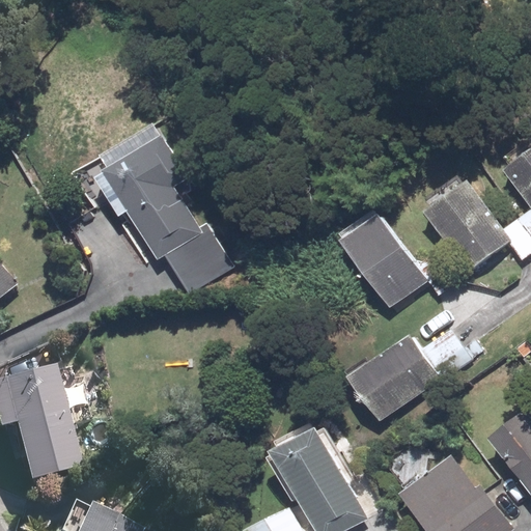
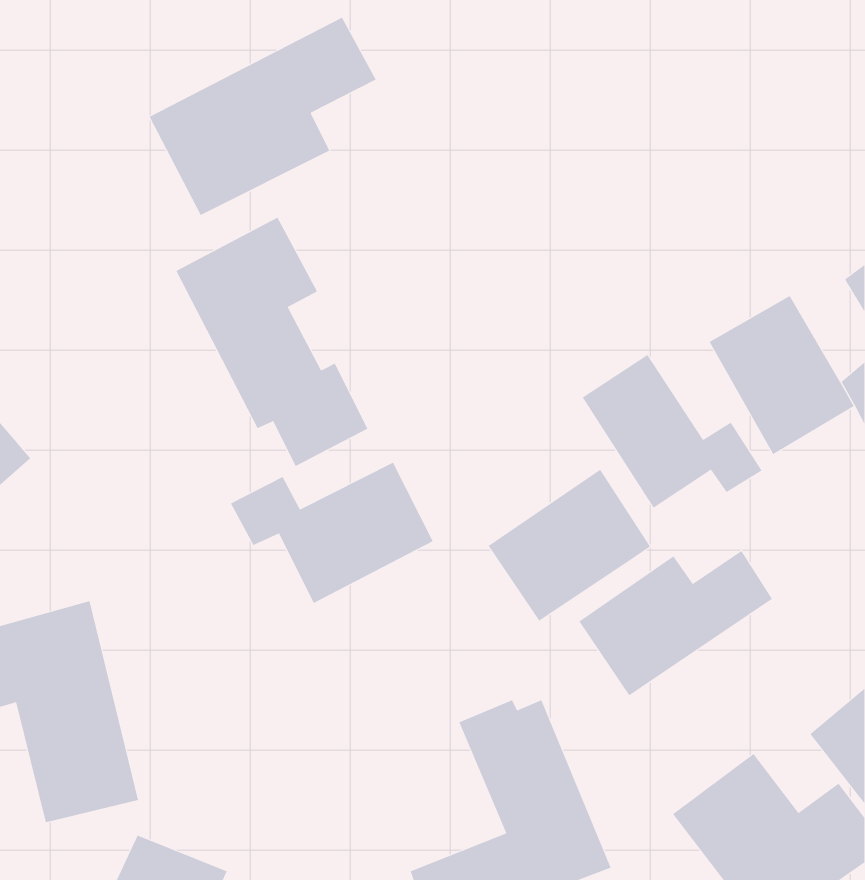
building: none -> [149,17,377,216]
building: none -> [230,462,433,604]
building: none -> [488,469,651,622]

